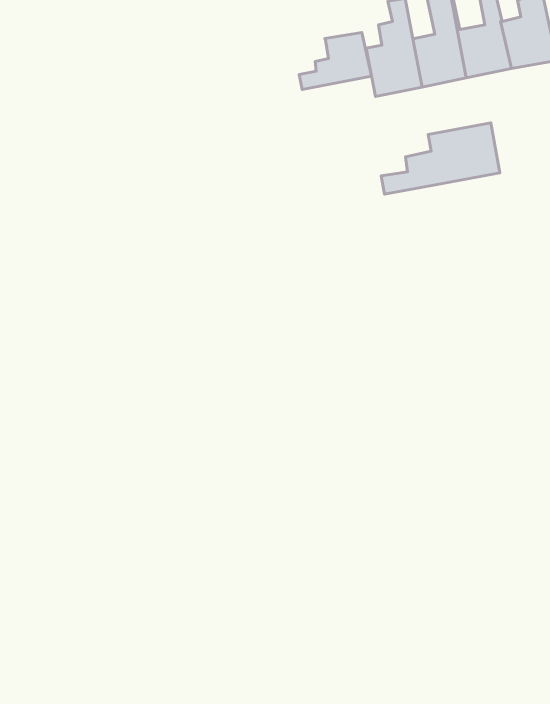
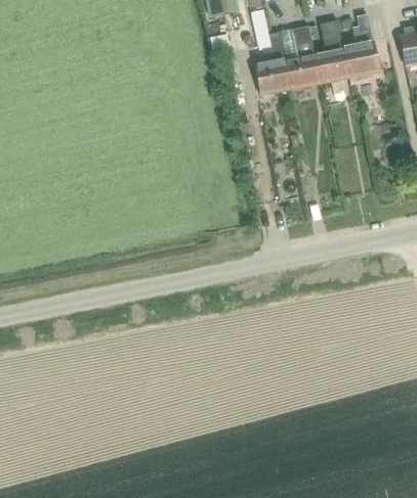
building: [299,33,372,90] -> none
building: [381,123,500,194] -> none

